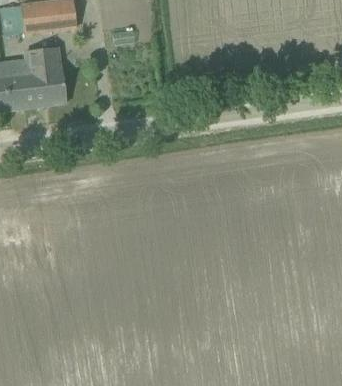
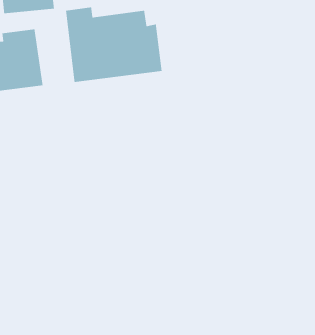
building: none -> [65,6,163,83]

